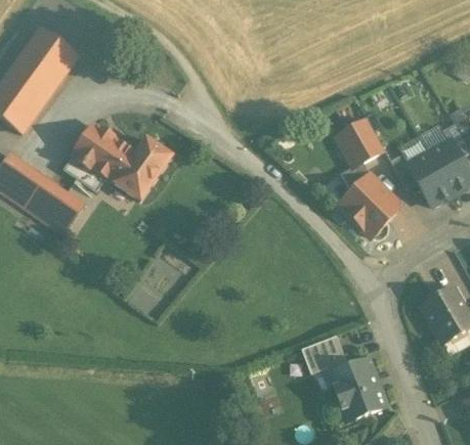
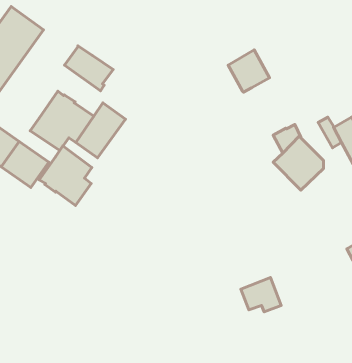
building: none -> [65,46,113,91]
building: [338,118,385,166] -> [228,50,270,92]
building: none -> [39,146,92,205]
building: [330,359,386,416] -> none

